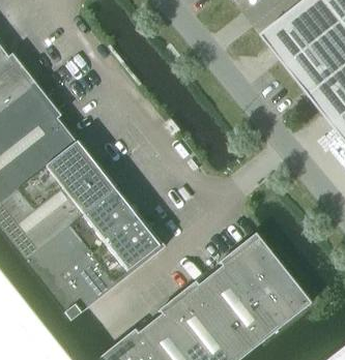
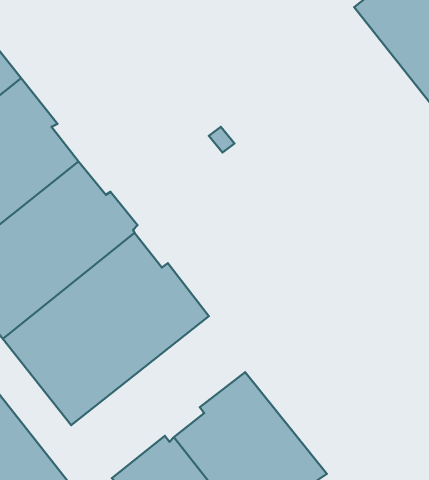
building: [189,232,310,354] -> none

